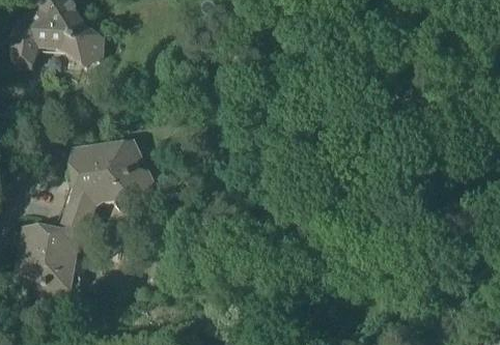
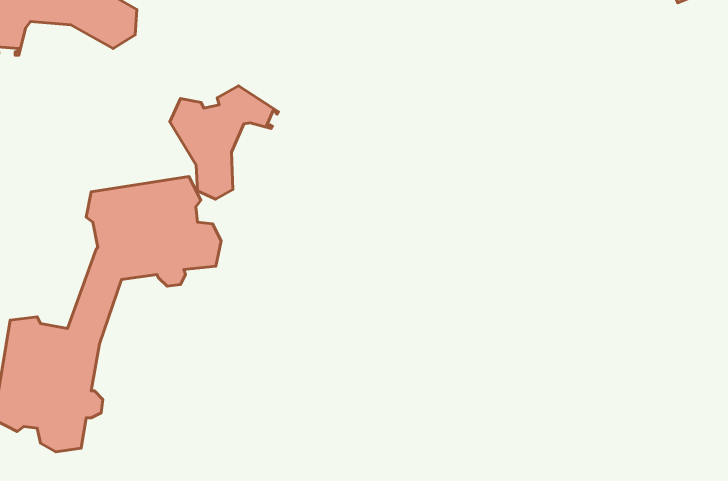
building: none -> [170,86,278,199]

